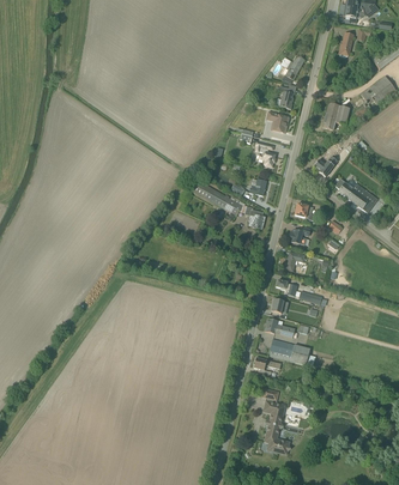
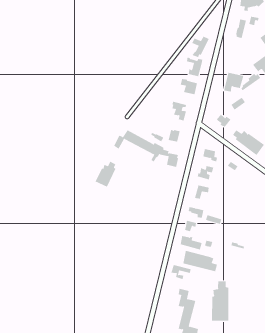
building: none -> [95,161,116,188]
building: none -> [212,280,229,322]

